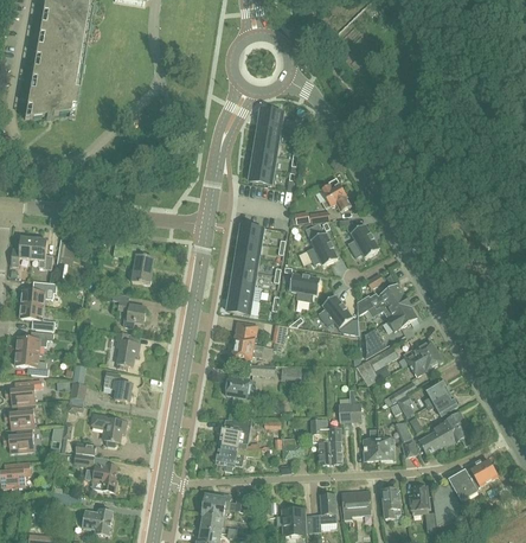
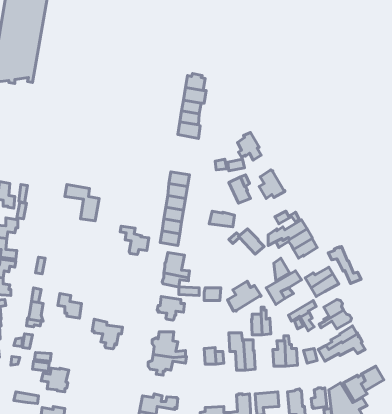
building: [111,292,146,326] -> [120,226,149,255]
building: none -> [328,247,361,283]
building: [116,331,140,366] -> none
building: none -> [227,281,261,311]
building: [90,410,127,446] -> [92,319,123,349]

